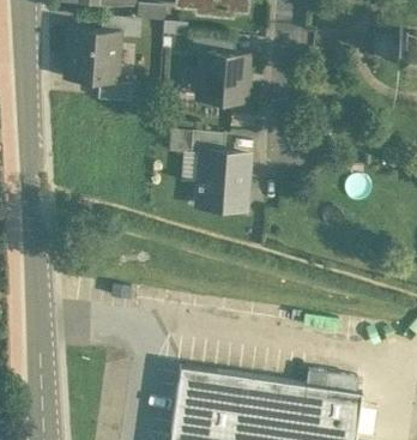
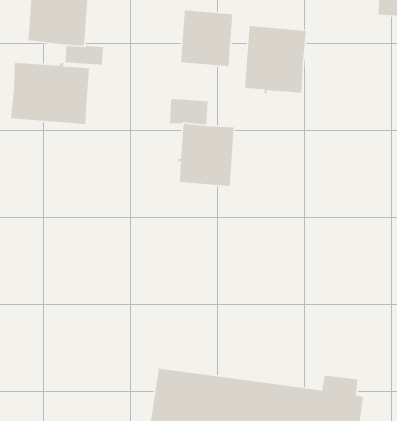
building: none -> [244,25,307,94]
building: none -> [10,62,90,125]

